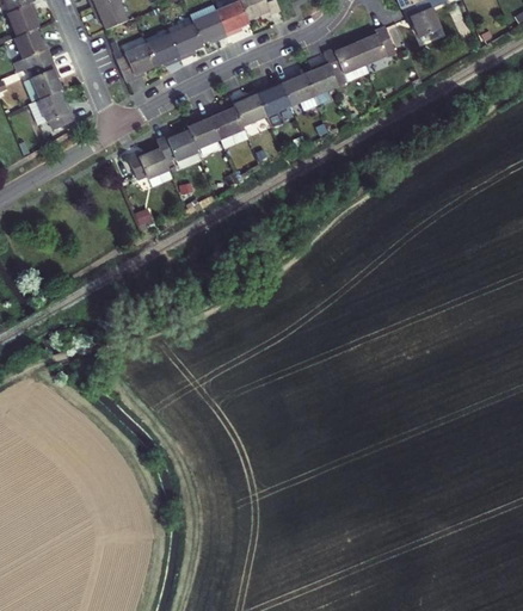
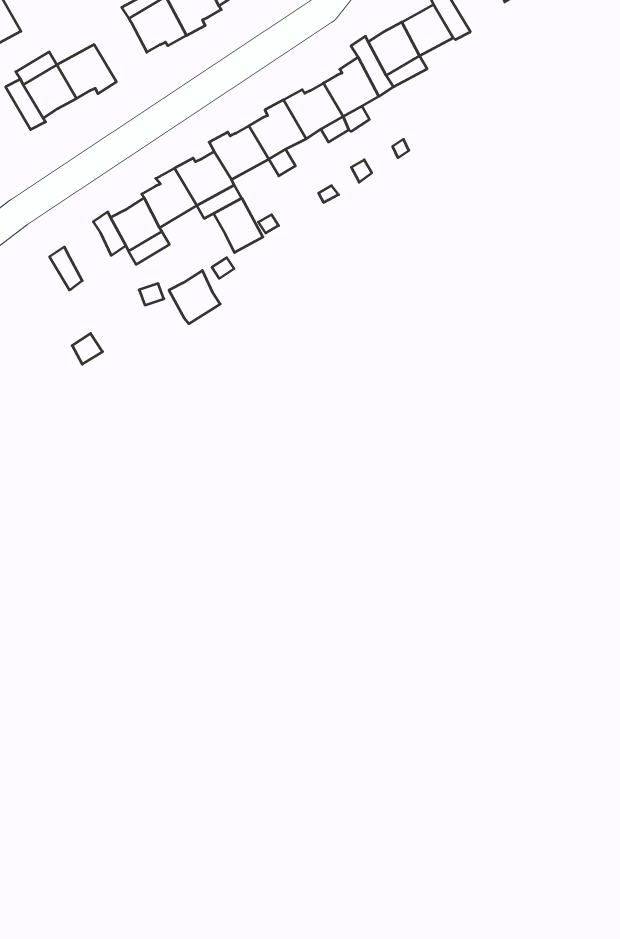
building: [171,23,204,57] -> none
building: none -> [213,198,263,253]
building: [140,147,170,178] -> [169,270,220,324]

